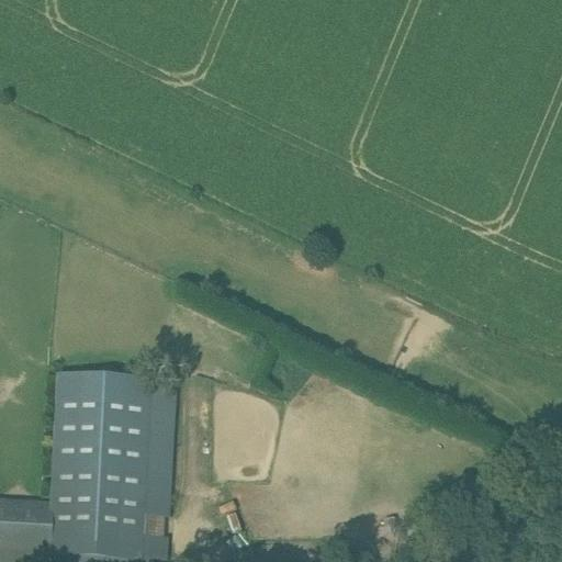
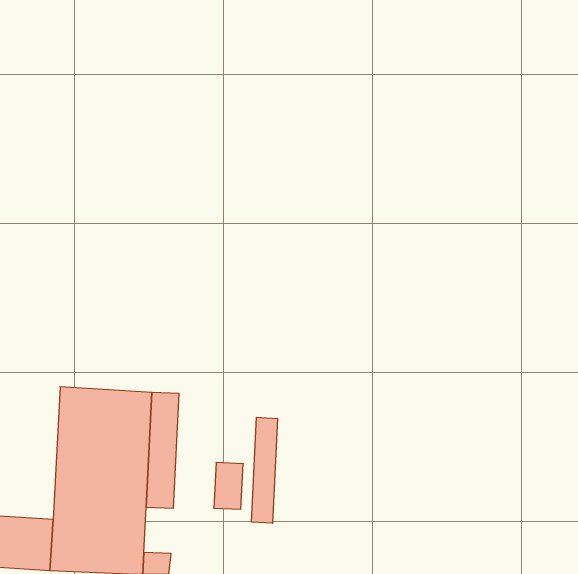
building: none -> [251,417,278,523]
building: [139,491,168,536] -> [214,463,243,509]

